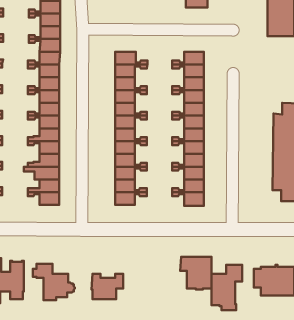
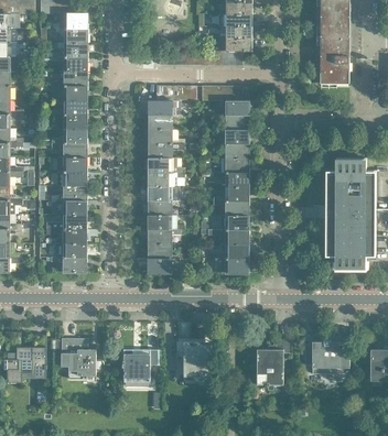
building: [180,257,212,289] -> [175,341,211,378]

